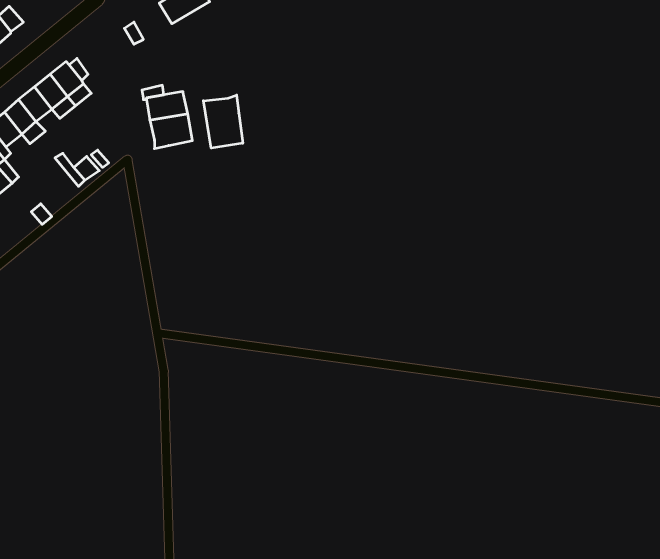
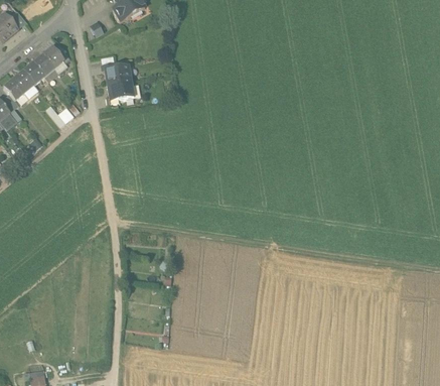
building: [203,95,243,148] -> none

